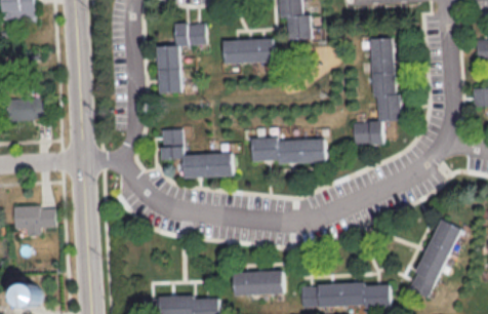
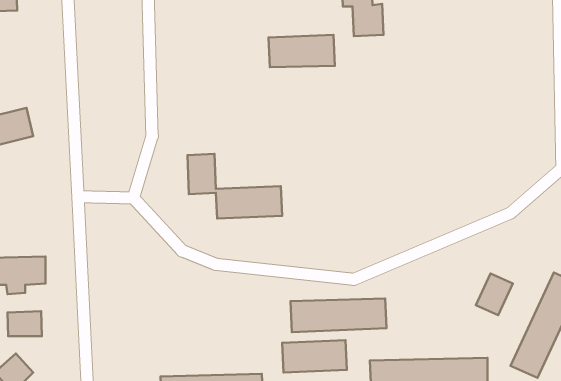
building: [158,24,207,93] -> none
building: [352,38,398,145] -> none
building: [252,139,325,164] -> [290,298,386,332]
building: none -> [476,273,513,315]
building: none -> [7,311,42,336]

